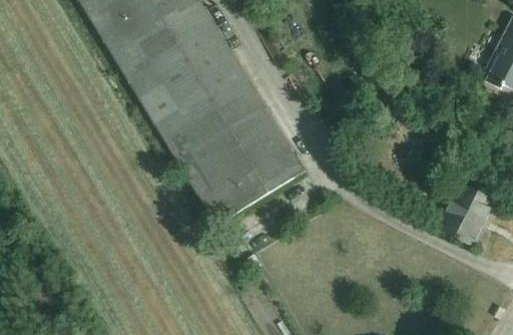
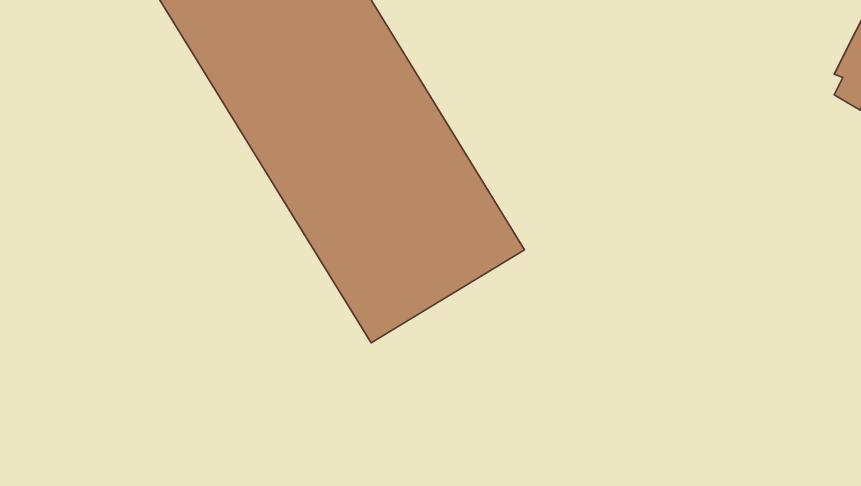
building: [437,183,497,245] -> none

